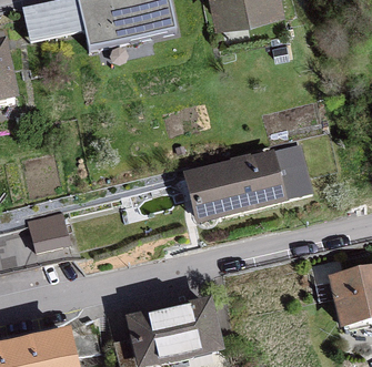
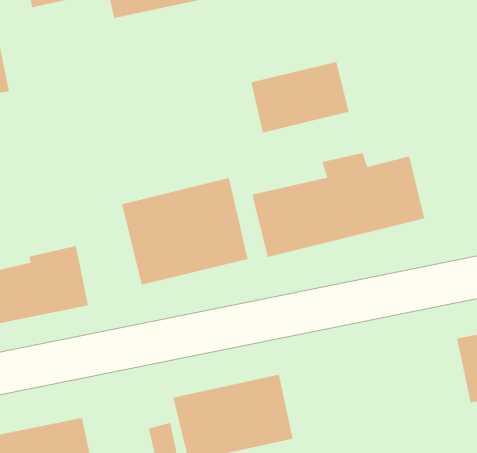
building: none -> [251,61,350,134]
building: none -> [121,177,248,285]

